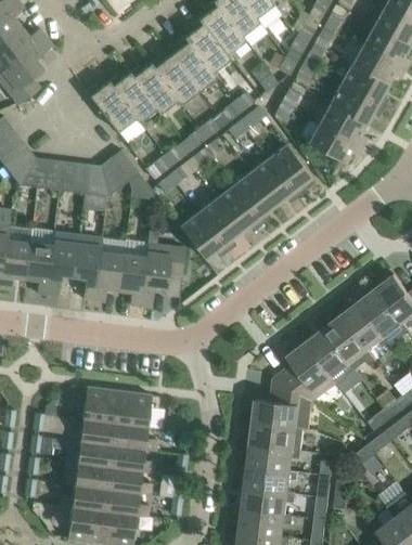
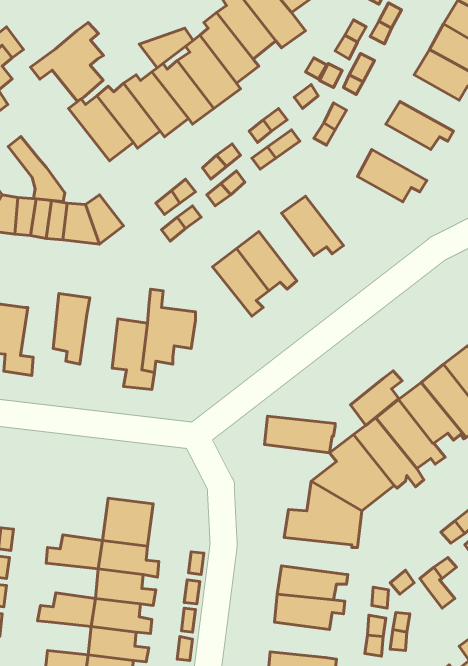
building: none -> [31,22,104,101]
building: none -> [139,28,193,68]
building: [342,65,388,108] -> none
building: [320,103,366,146] -> none
building: [269,144,311,196] -> none
building: [111,150,154,199] -> [8,137,65,201]
building: [233,171,275,223] -> none
building: [180,212,228,259] -> none
building: [50,230,79,282] -> none
building: [82,249,125,301] -> none
building: none -> [350,371,402,425]
building: [82,387,117,423] -> none
building: [250,420,305,449] -> [265,416,335,453]
building: [66,441,110,467] -> none
building: [61,485,104,510] -> none
building: [242,485,295,512] -> none

